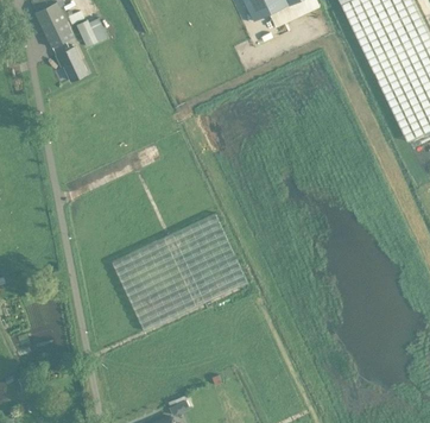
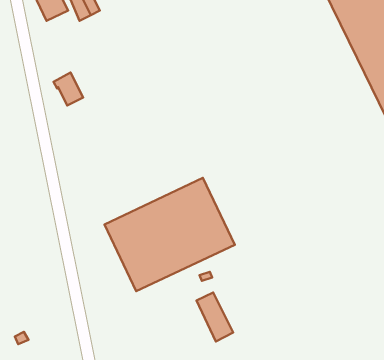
building: [57,45,88,80] -> [54,73,83,105]
building: none -> [196,293,233,341]

